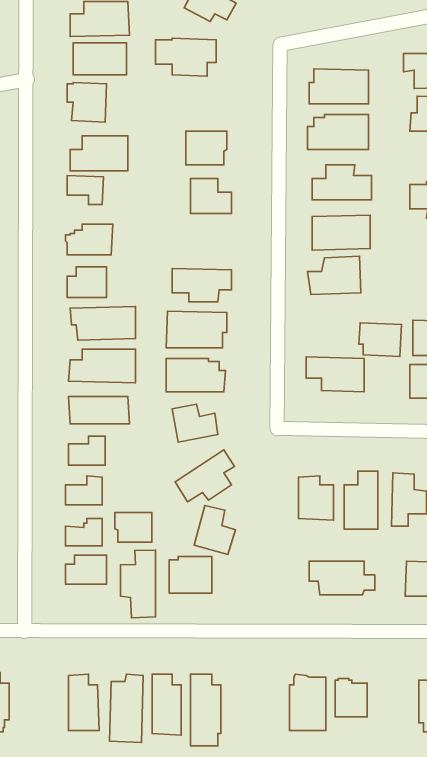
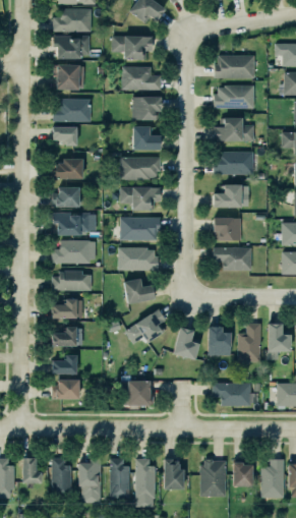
building: none -> [123,67,162,91]
building: none -> [122,157,162,180]
building: [359,323,401,356] -> [212,217,240,239]
building: [194,506,235,554] -> [171,327,198,359]
building: [115,513,152,542] -> none
building: [120,550,156,618] -> none
building: none -> [21,457,41,482]
building: none -> [163,458,182,488]
building: none -> [260,459,283,498]

